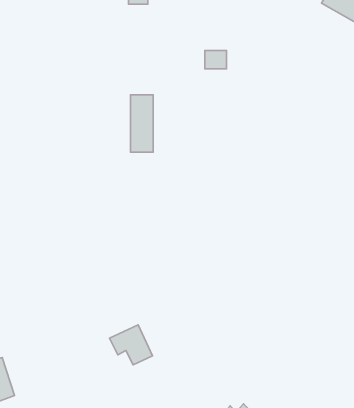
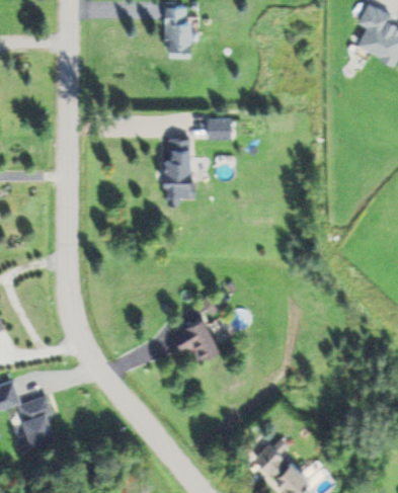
building: [205,50,226,69] -> [211,121,232,140]
building: [109,325,153,365] -> [174,319,217,358]

